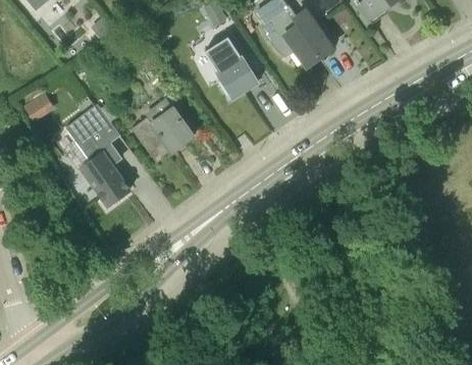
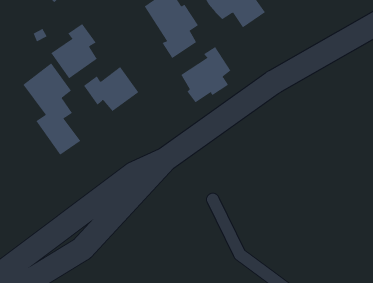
building: none -> [50,23,98,79]
building: none -> [180,46,231,103]

